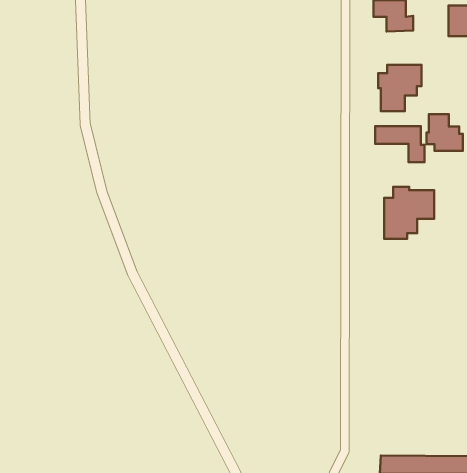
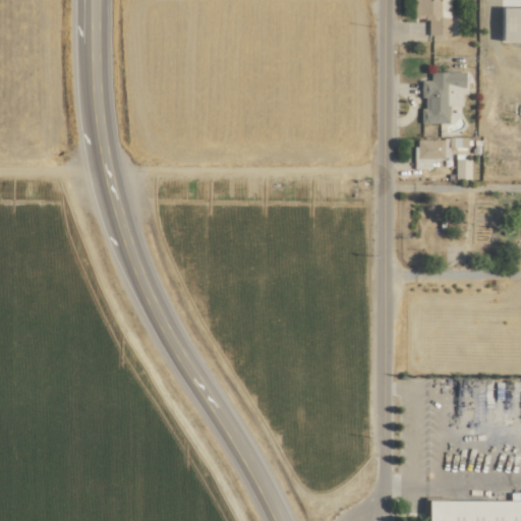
building: [427,114,463,151] -> none
building: [384,187,434,239] -> none

